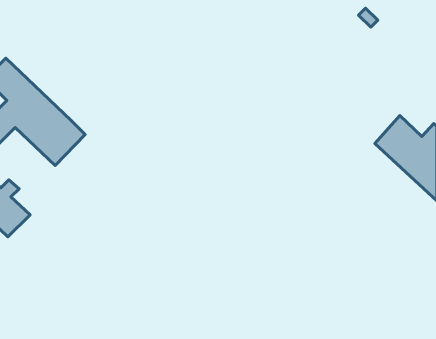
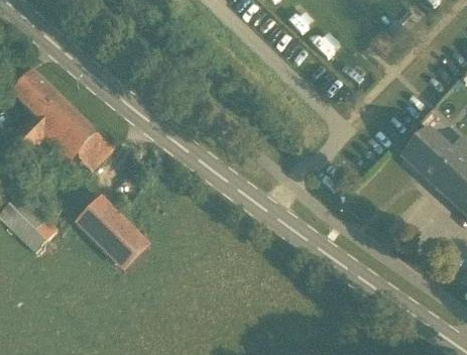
building: none -> [76,195,140,259]

